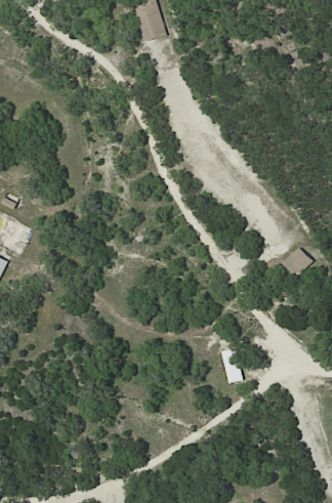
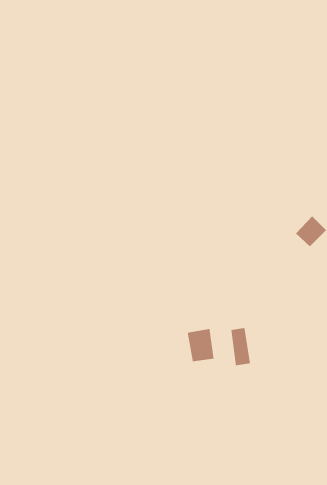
building: none -> [187,328,214,362]

